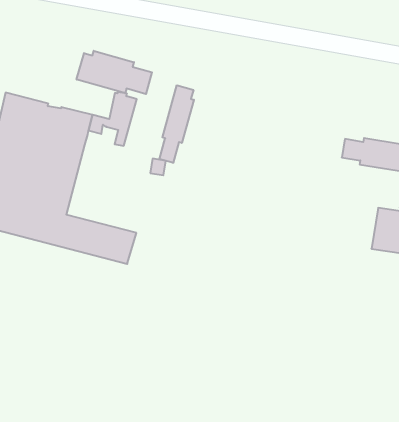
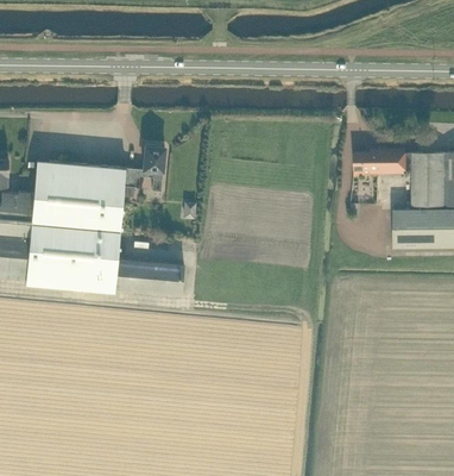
building: [77,51,152,94] -> none
building: [159,85,194,163] -> none

